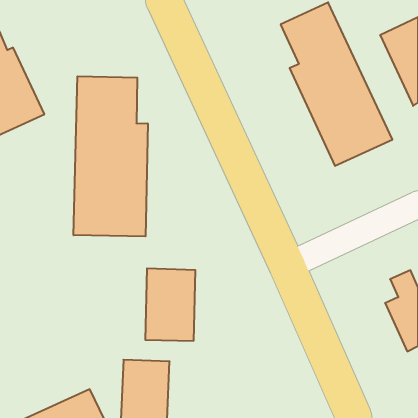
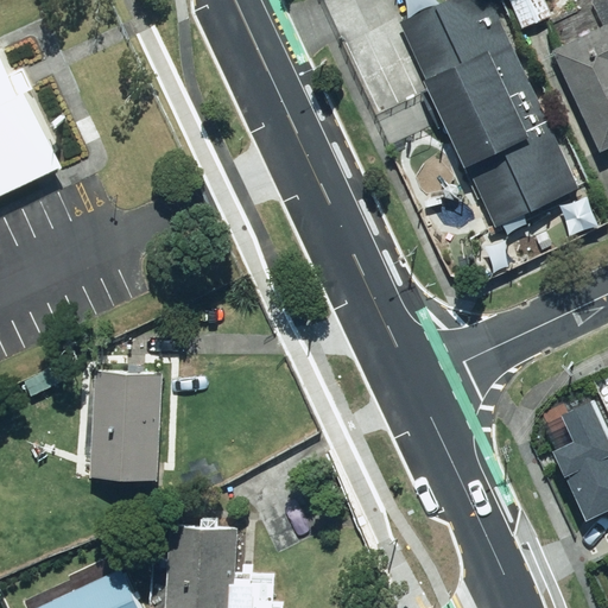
building: [74,76,148,236] -> none
building: [145,268,195,341] -> [97,367,170,471]

